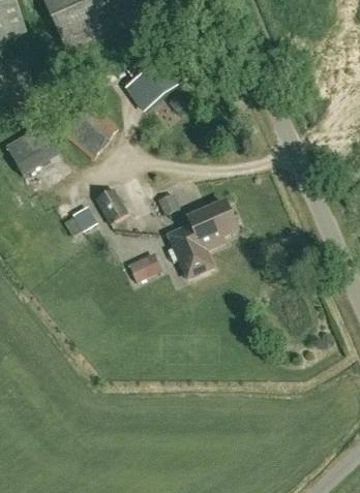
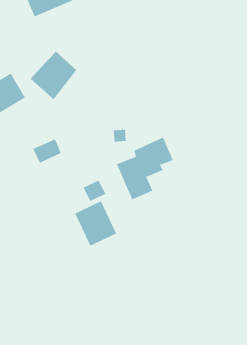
building: [128,69,170,106] -> none
building: [96,189,128,223] -> none
building: none -> [74,201,117,247]

